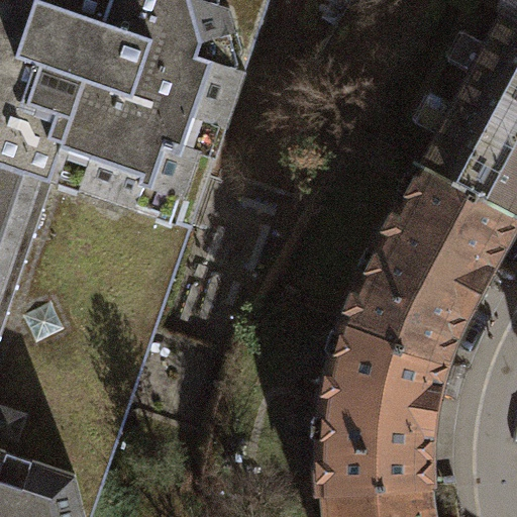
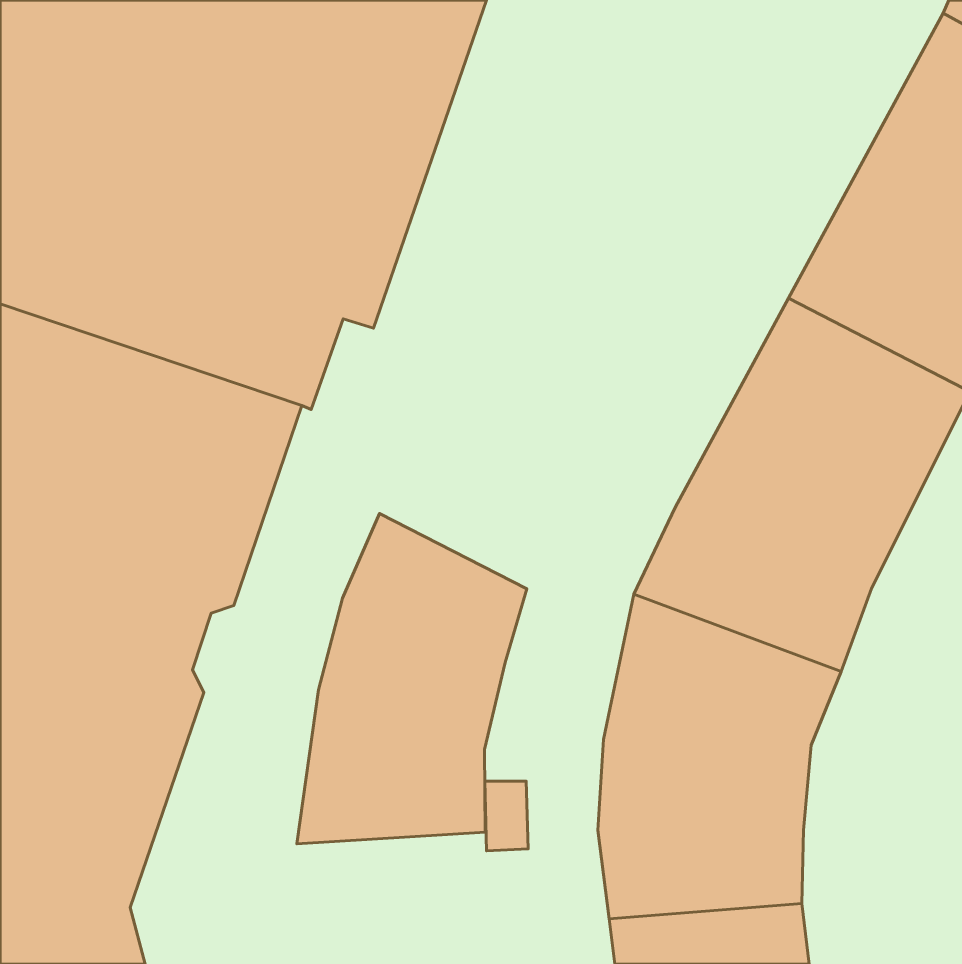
building: none -> [297,513,527,844]

